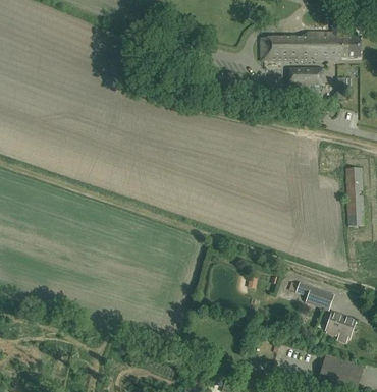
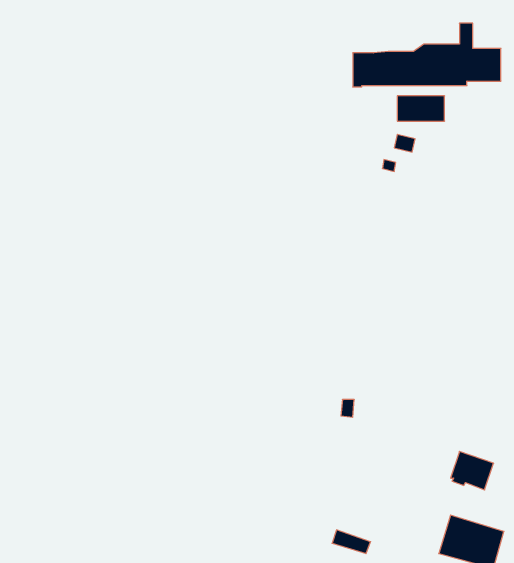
building: [344,167,363,225] -> none
building: [294,282,333,311] -> none

